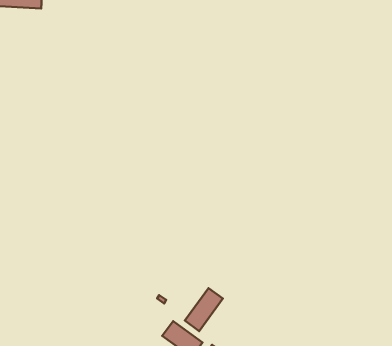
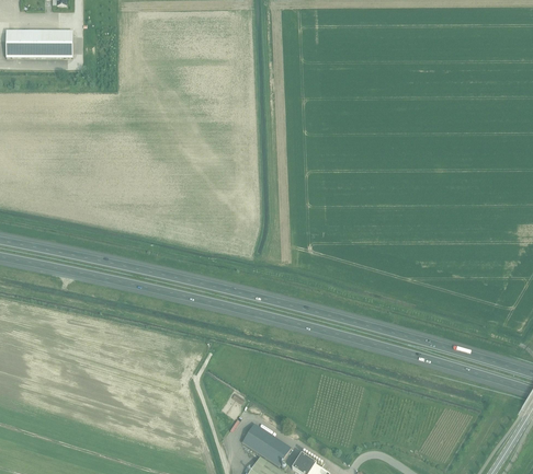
building: [185,288,223,331] -> none

